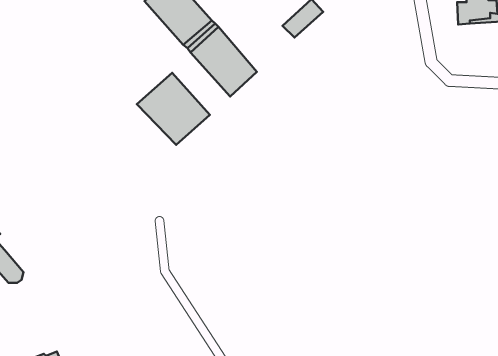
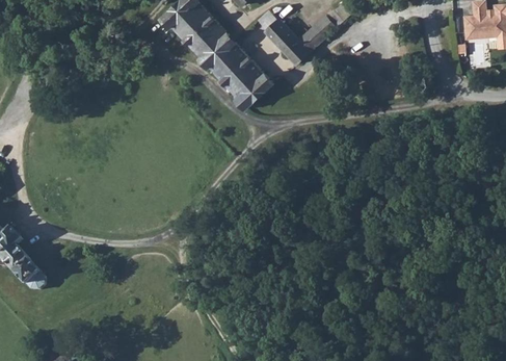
building: none -> [264,20,307,63]
building: [137,73,210,145] -> none

